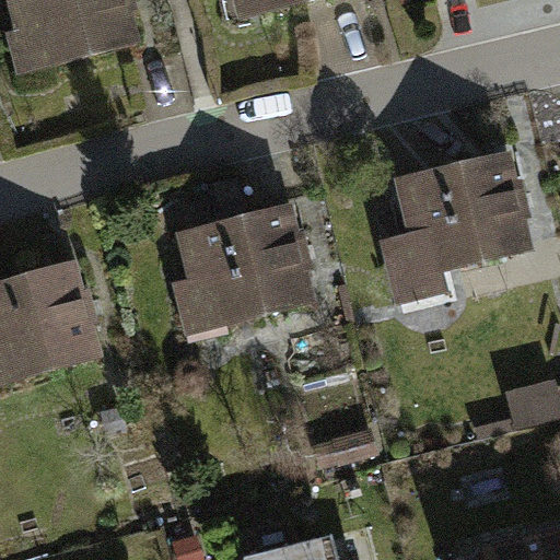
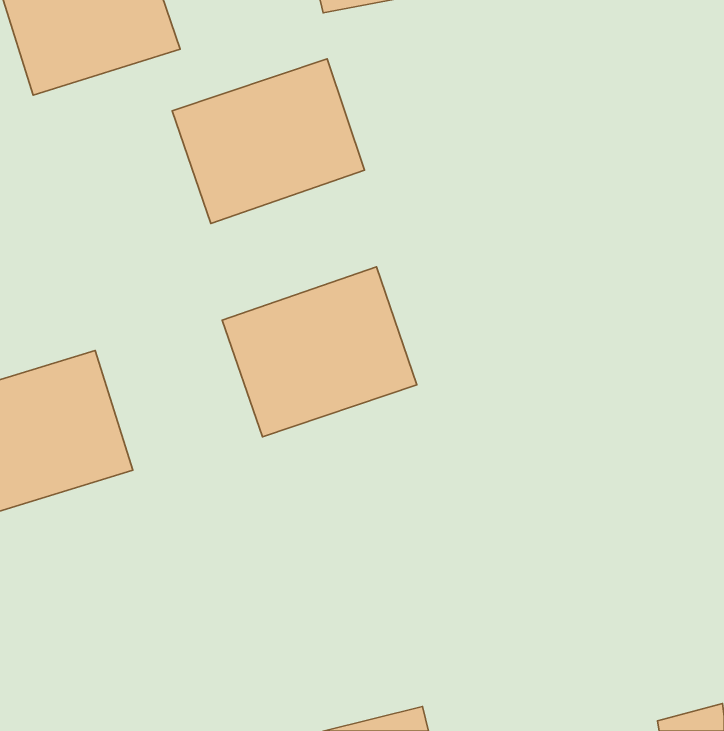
building: none -> [172,59,365,223]
building: [396,150,532,275] -> none

